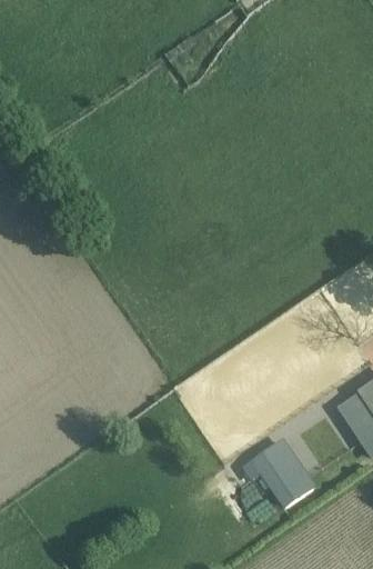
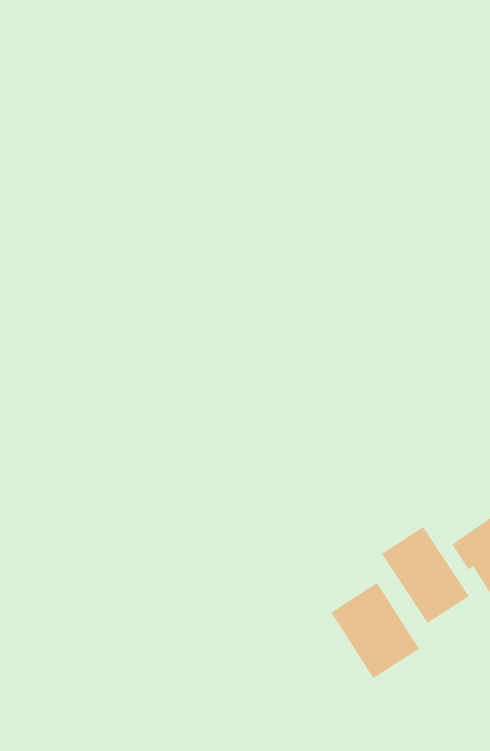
building: none -> [381,526,469,624]

